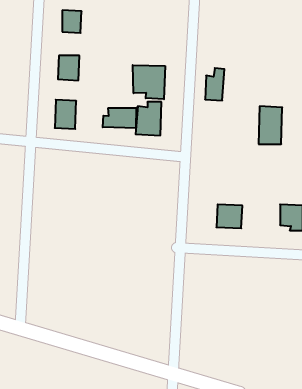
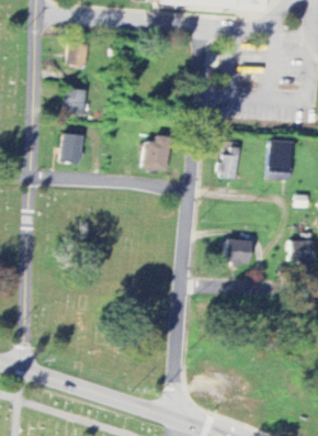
building: [133,65,165,99] -> none
building: [205,68,224,100] -> [219,146,239,179]
building: [103,108,136,128] -> none

